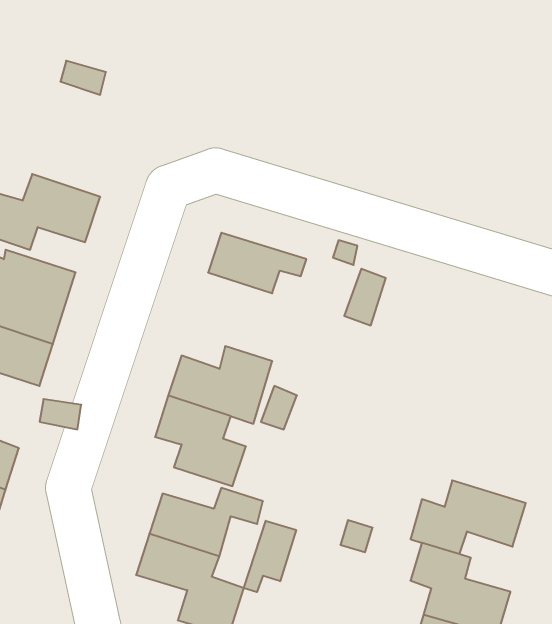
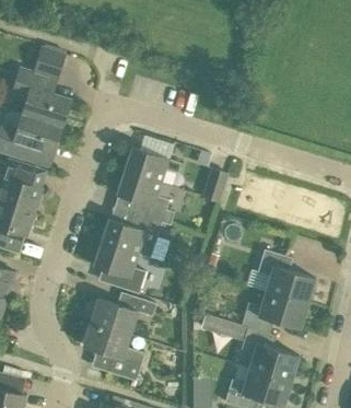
building: none -> [11,68,70,127]
building: none -> [116,171,174,225]
building: none -> [257,249,315,304]
building: [244,521,296,592] -> none

